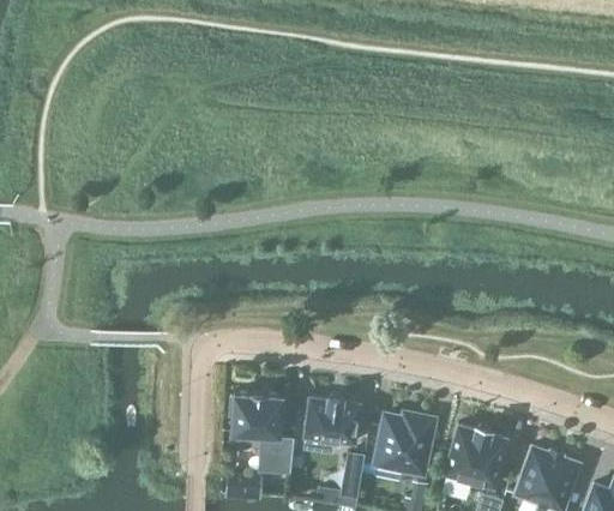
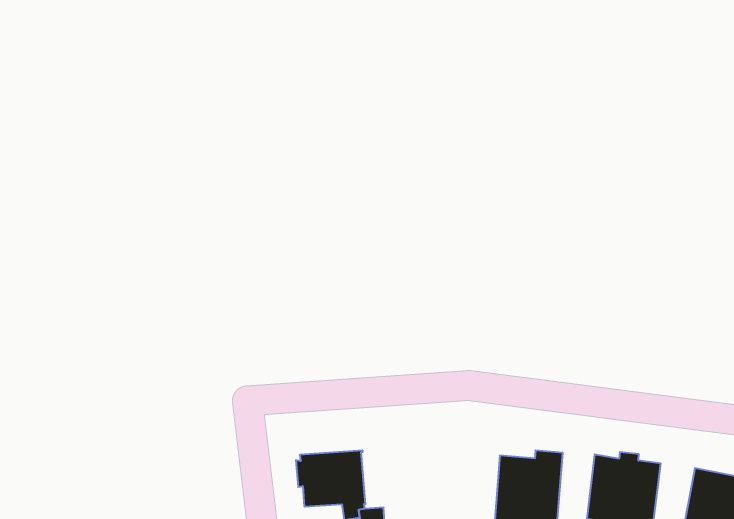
building: [303,397,359,444] -> none

